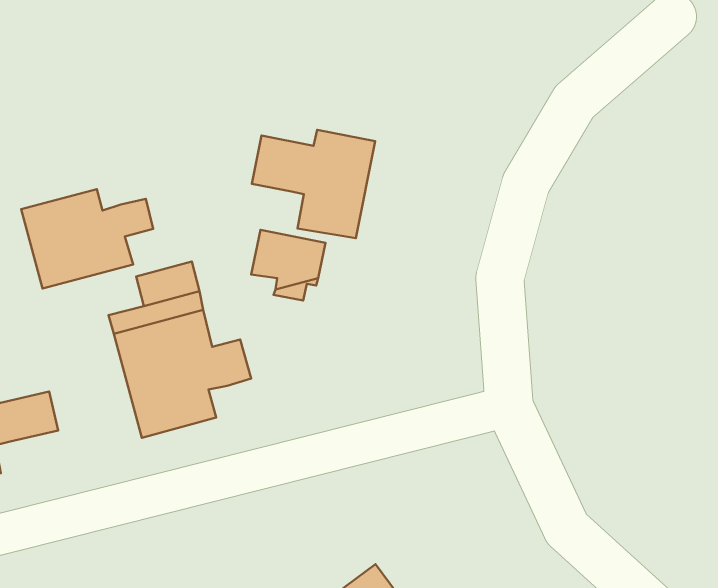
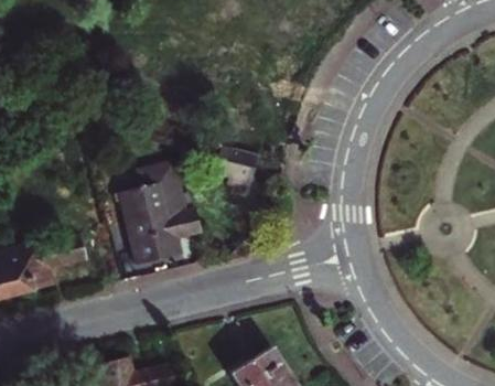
building: [252,130,375,238] -> none
building: [21,189,153,288] -> none

